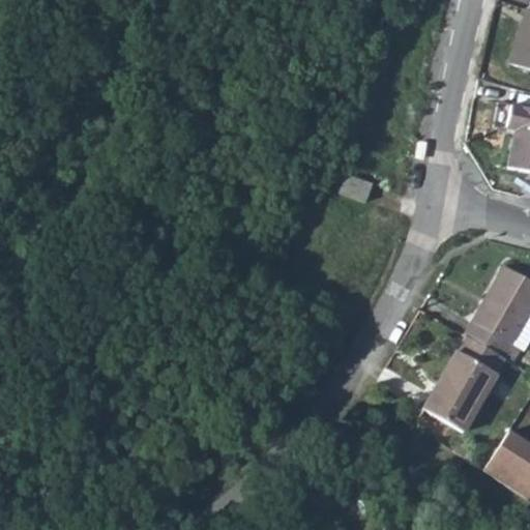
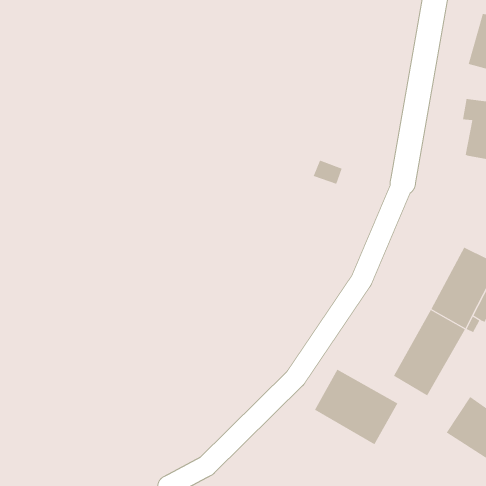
building: none -> [314,369,398,445]

